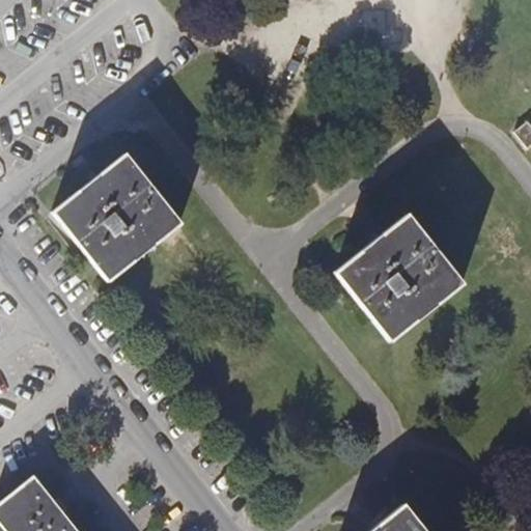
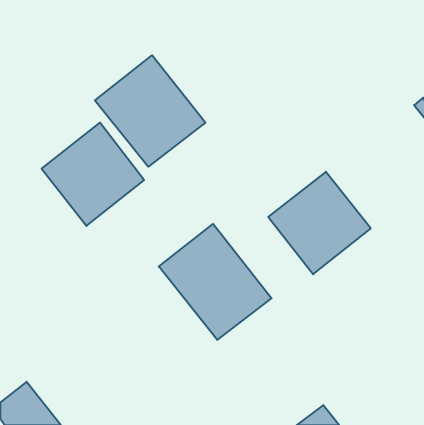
building: none -> [95,55,205,167]
building: none -> [159,224,272,340]

